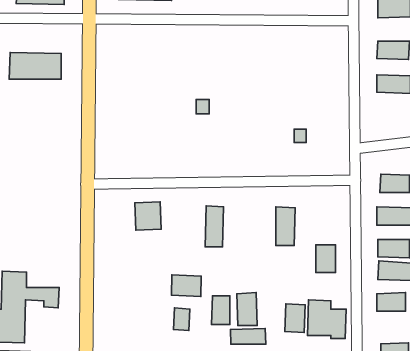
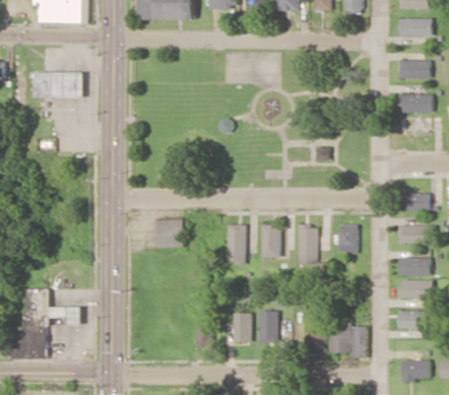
building: none -> [261,224,279,257]
building: [316,245,335,273] -> [337,224,357,252]
building: [171,275,201,296] -> none
building: [230,328,266,344] -> none

